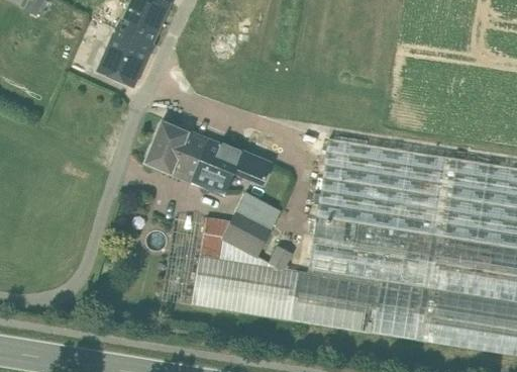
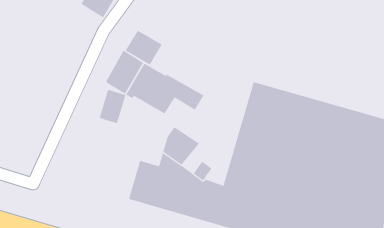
building: none -> [125,30,163,66]
building: [237,188,283,224] -> none
building: [200,217,230,259] -> [99,89,126,124]

